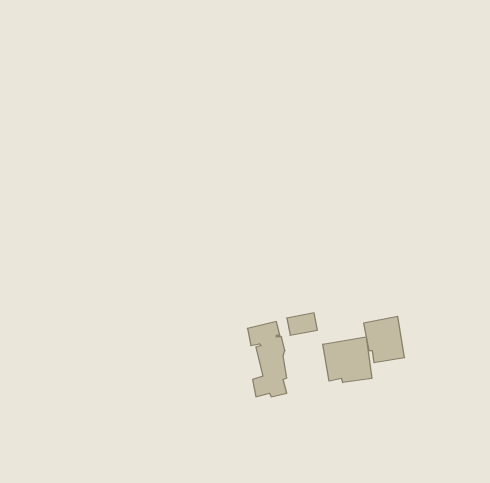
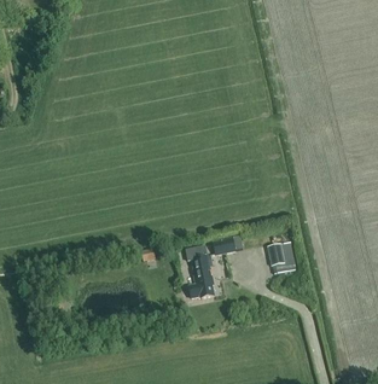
building: [323,337,372,383] -> none

